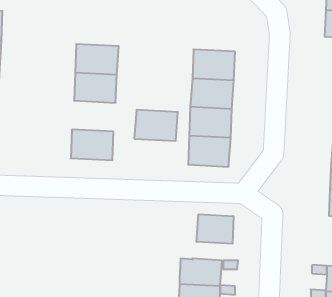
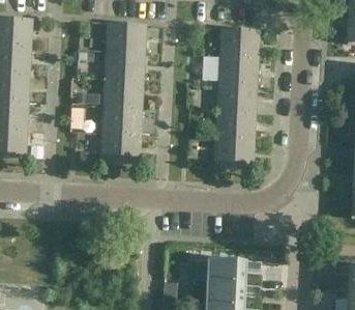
building: none -> [105,21,147,51]
building: none -> [218,26,260,56]
building: [134,110,178,141] -> [100,104,143,134]
building: [197,214,233,244] -> none

